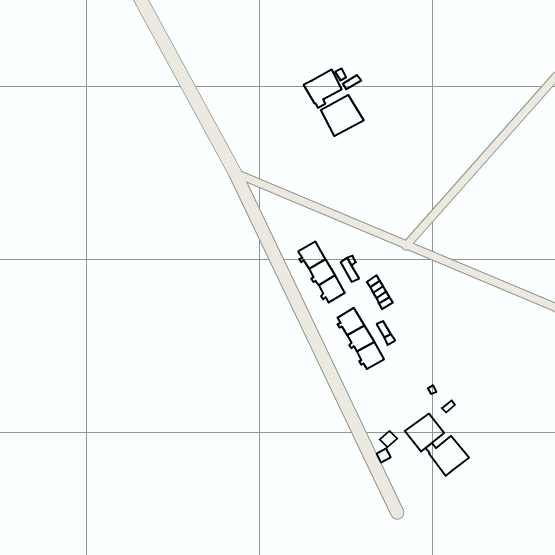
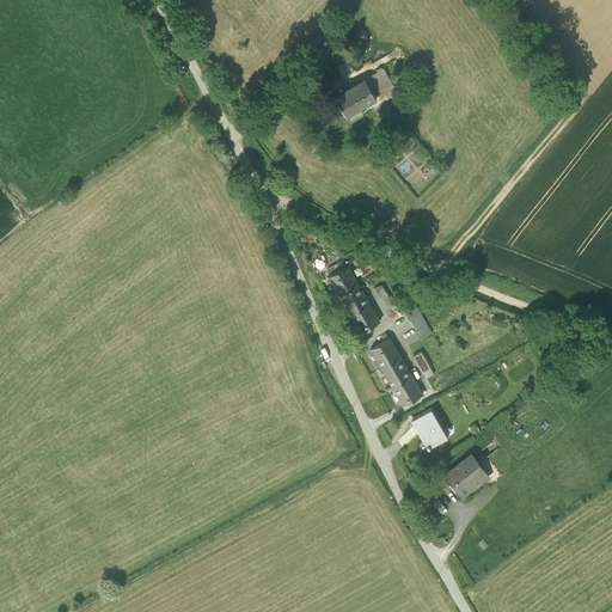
building: [321,95,364,136] -> none
building: none -> [412,409,448,448]
building: [426,436,469,476] -> none

